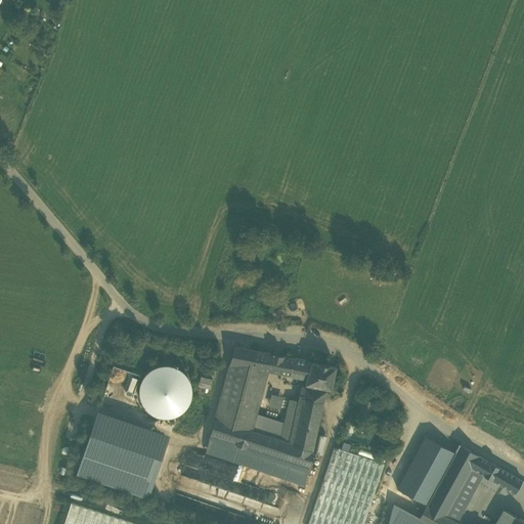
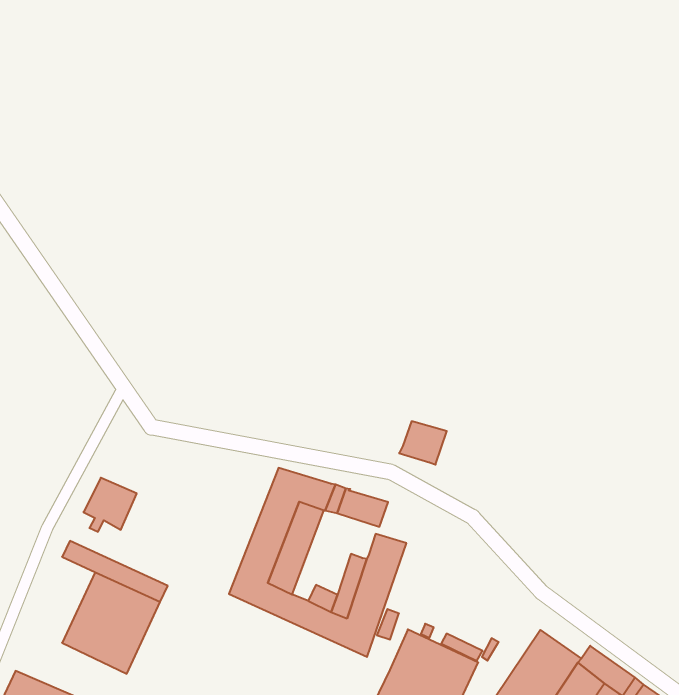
building: [305,364,336,392] -> [399,421,447,465]
building: [139,368,190,421] -> none
building: [77,425,118,483] -> none
building: [205,438,308,489] -> none

